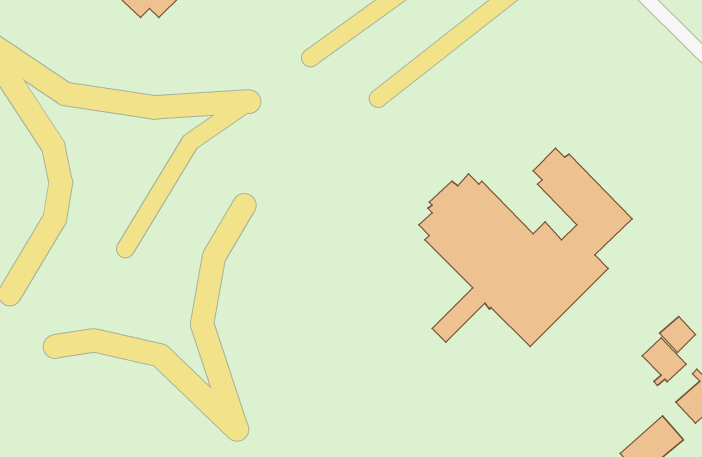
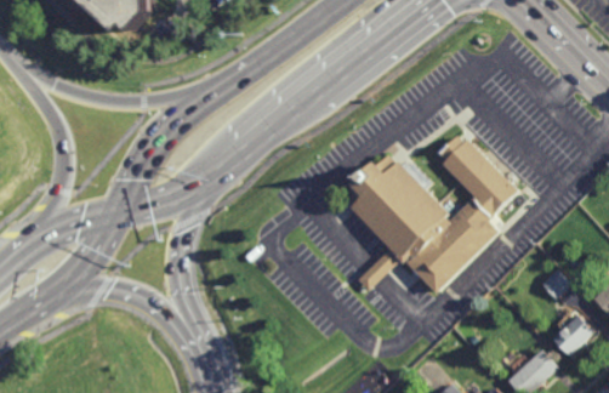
building: [642,338,686,386] -> none

